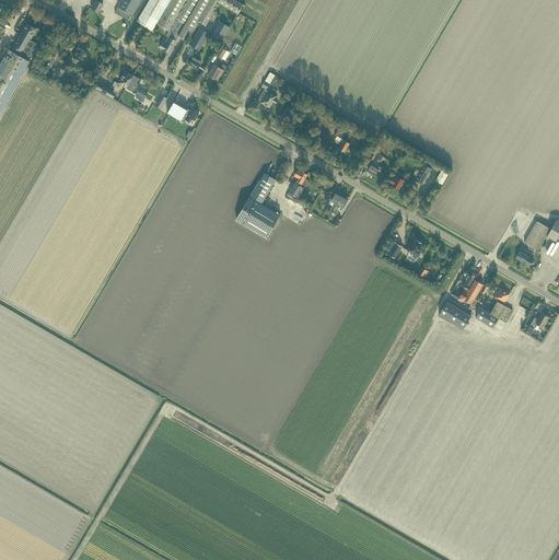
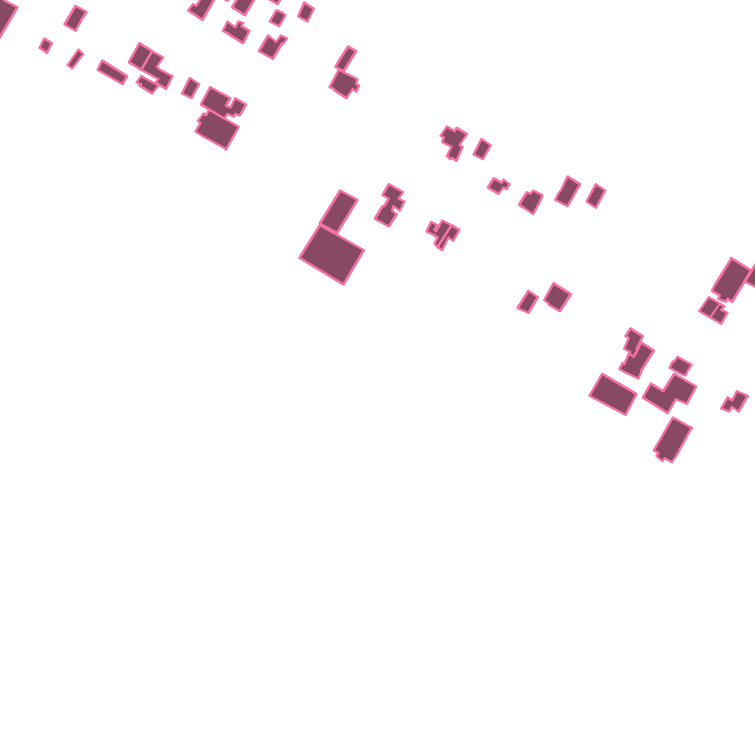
building: none -> [195,110,239,150]
building: none -> [654,417,692,462]

